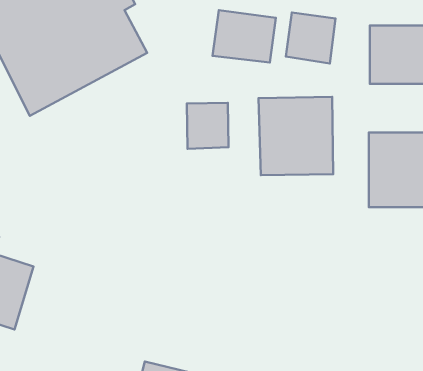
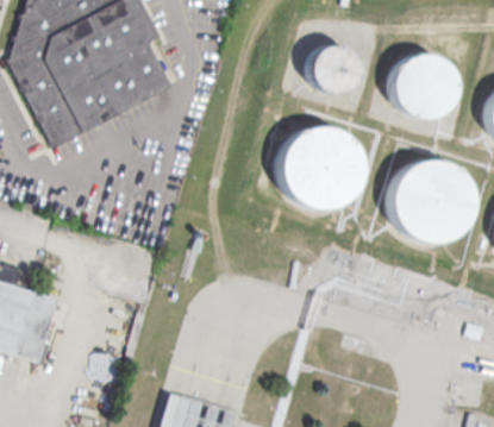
building: [213,10,276,62] -> none
building: [187,103,229,149] -> none

